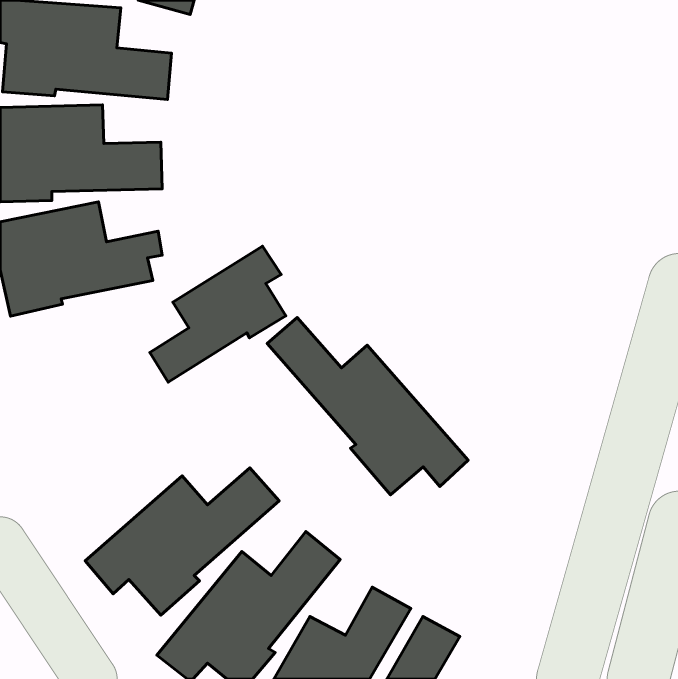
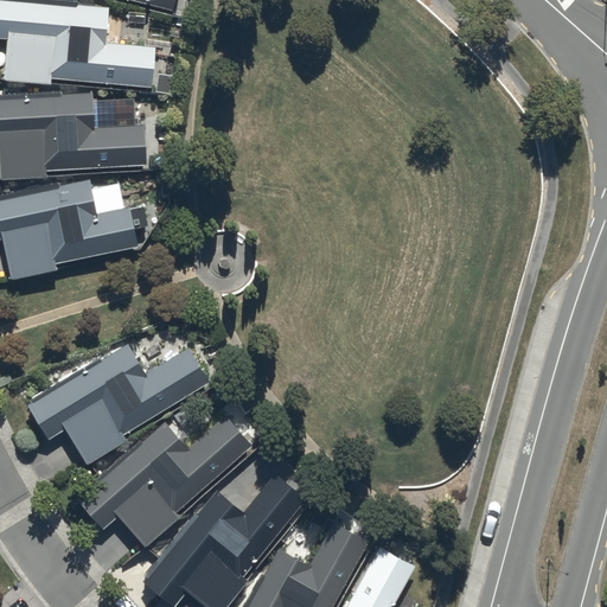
building: [150,246,286,382] -> none
building: [267,318,468,495] -> none
building: none -> [28,346,207,466]

